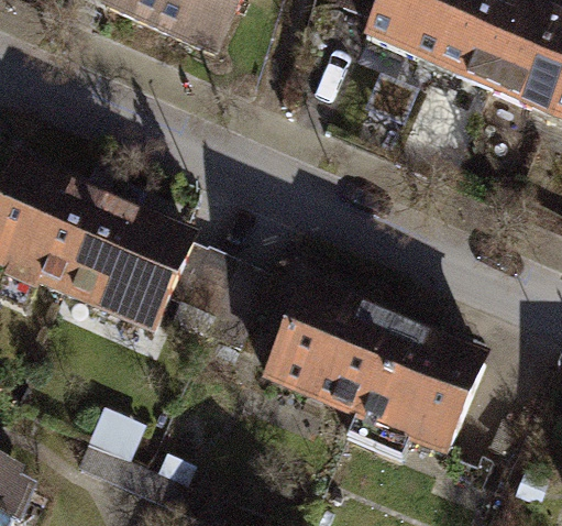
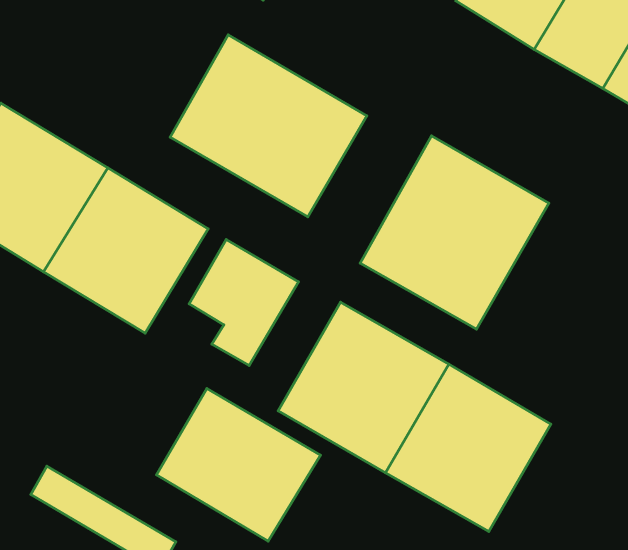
building: none -> [170,35,367,217]
building: none -> [360,136,549,329]
building: none -> [156,388,321,541]

